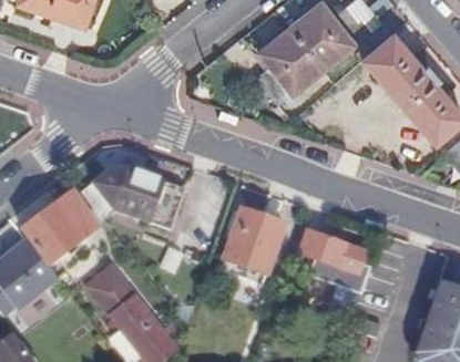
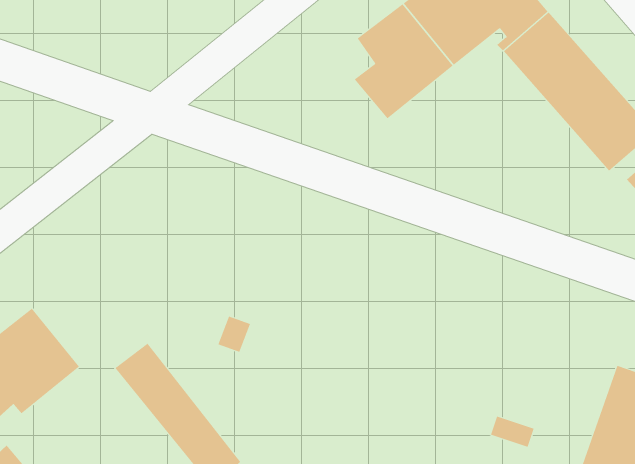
building: [81,166,185,227] -> none
building: [23,188,99,260] -> none
building: [227,211,286,273] -> none
building: [299,232,372,293] -> none

